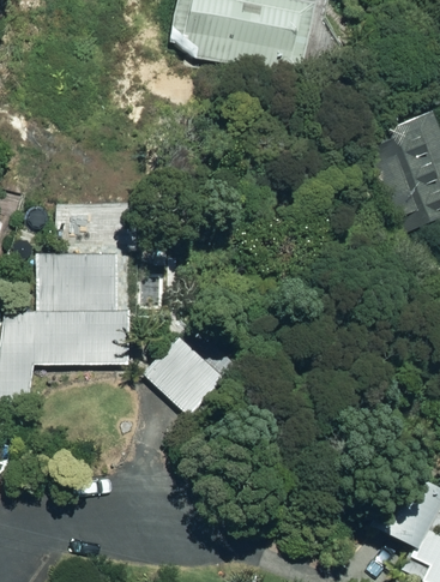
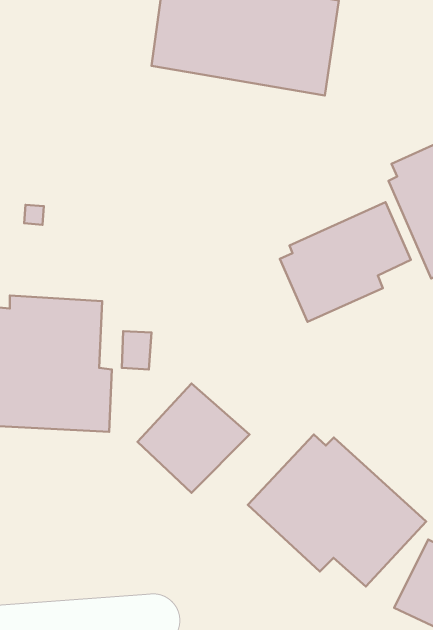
building: none -> [280,202,411,322]
building: none -> [248,434,426,587]

